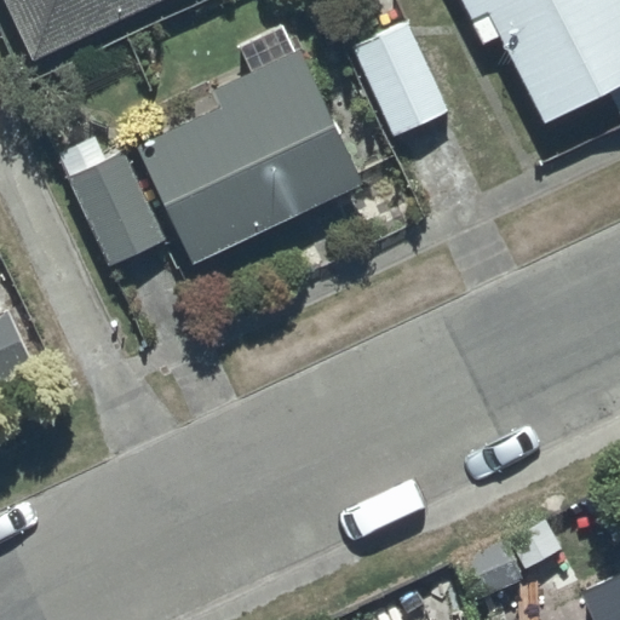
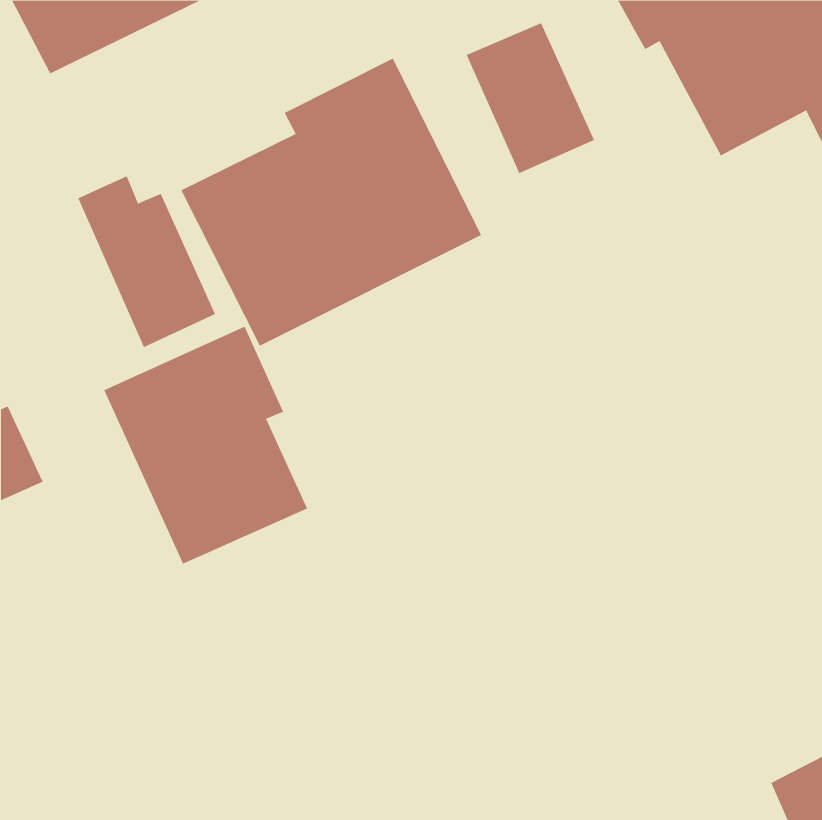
building: none -> [104,326,308,565]

